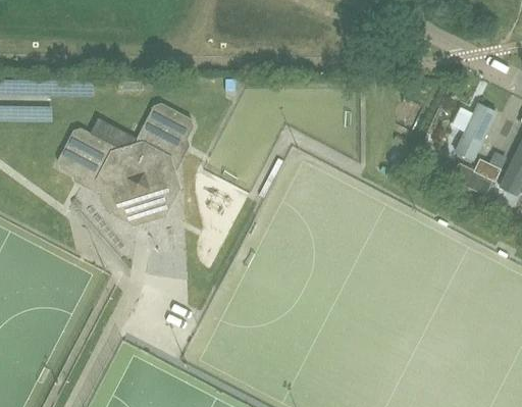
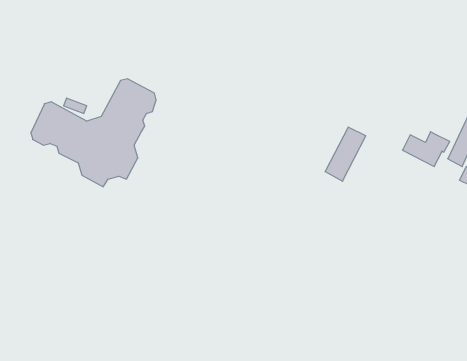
building: [455,102,498,159] -> [325,127,366,181]

